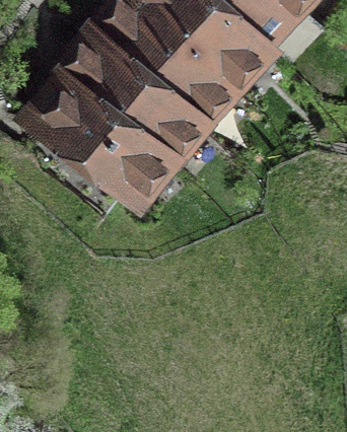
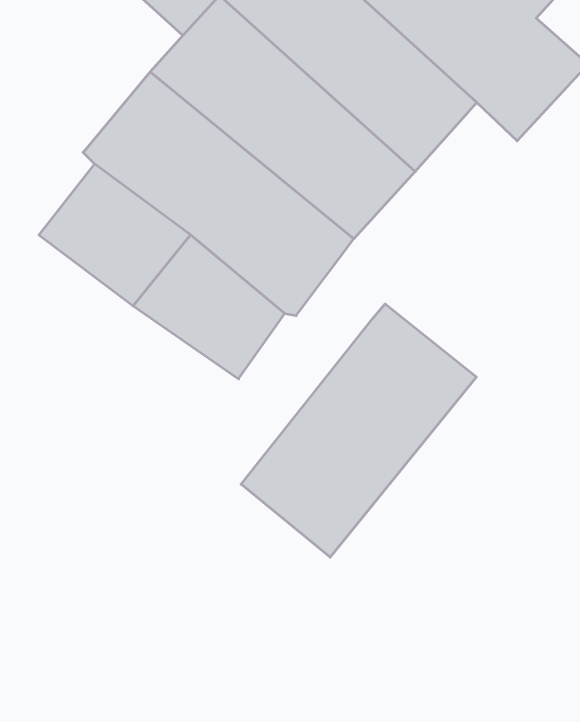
building: none -> [241,304,476,557]

